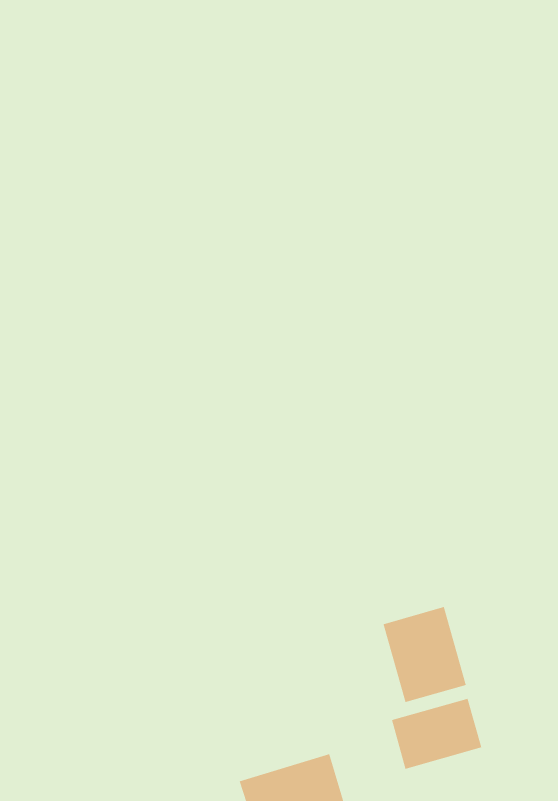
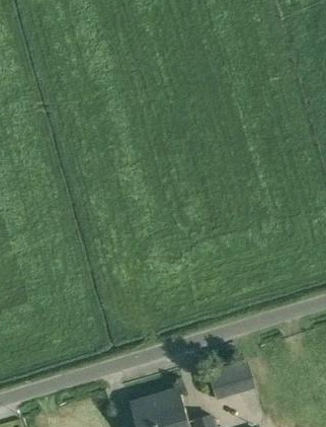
building: [383,606,466,703] -> none

